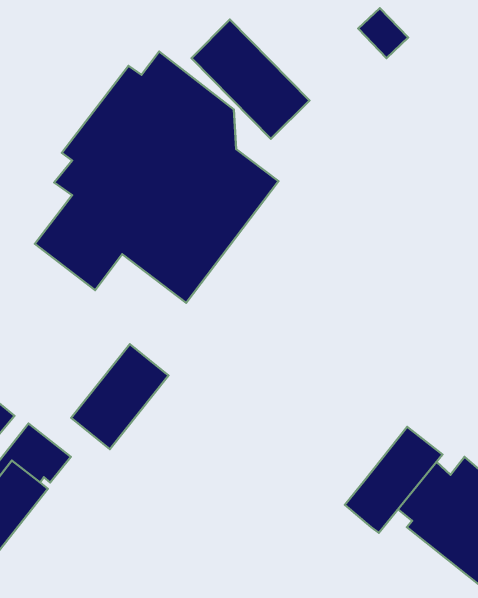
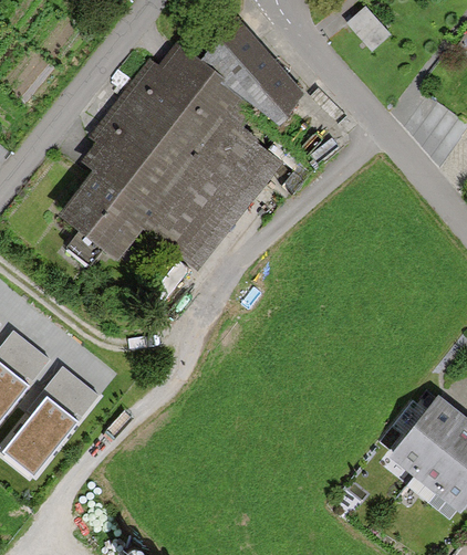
building: [71,344,169,449] -> none
building: [345,427,442,533] -> none

